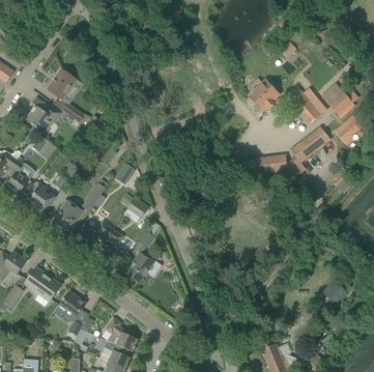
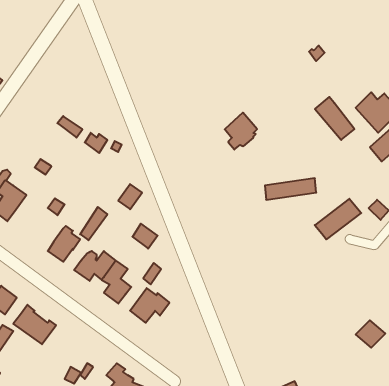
building: [47,68,77,99] -> none
building: [250,80,278,112] -> [225,113,257,150]
building: [25,102,59,130] -> none
building: [290,126,330,162] -> [315,199,361,239]
building: [28,181,57,213] -> none
building: [54,290,86,317] -> none

